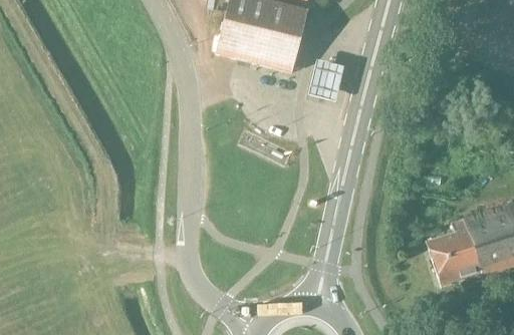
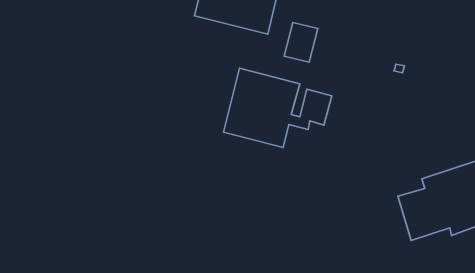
building: none -> [224,68,332,147]

